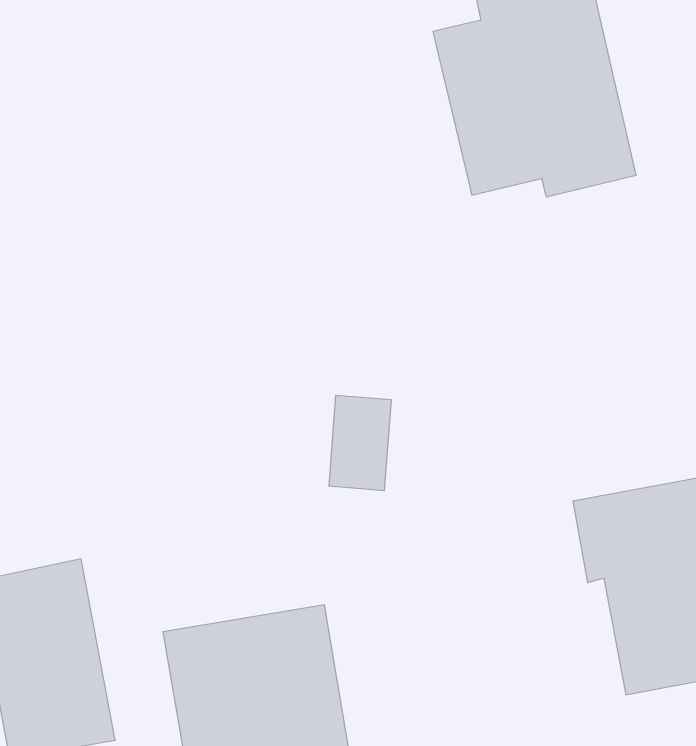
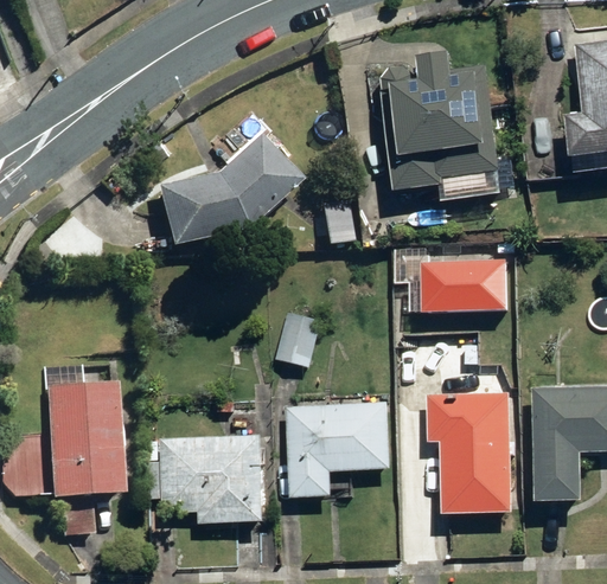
building: none -> [156,130,300,243]
building: none -> [420,255,505,312]
building: none -> [286,398,390,499]

